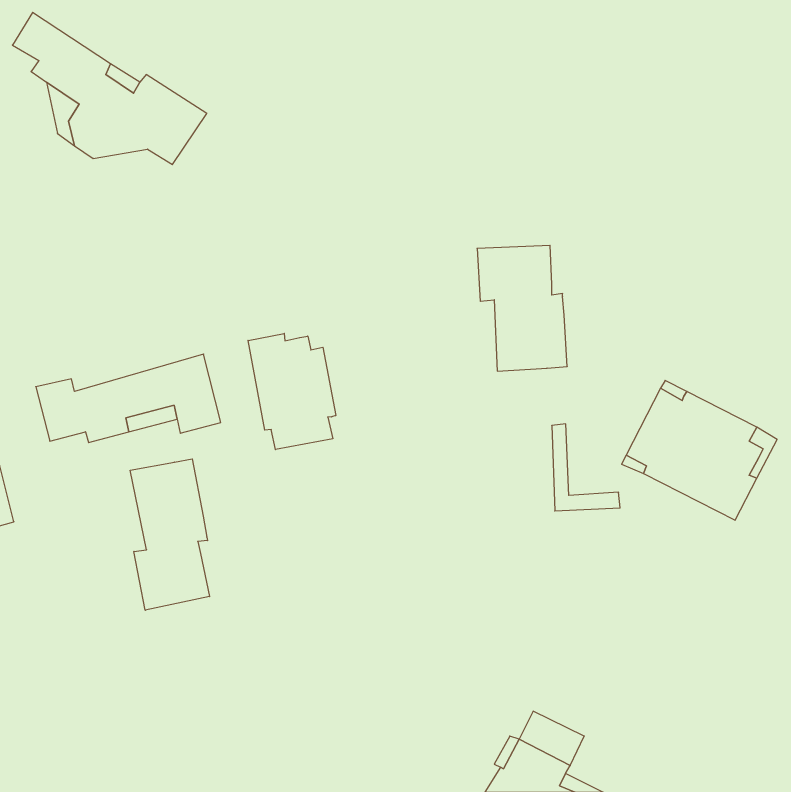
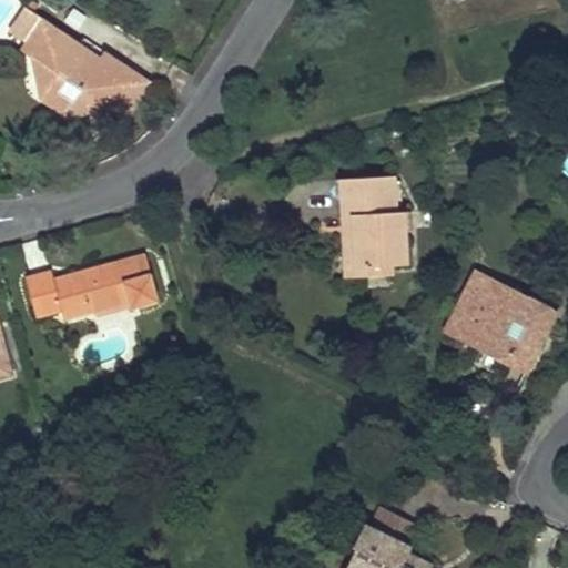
building: [248,333,336,450] -> none
building: [552,424,620,511] -> [343,214,392,276]
building: [130,459,210,610] -> none

